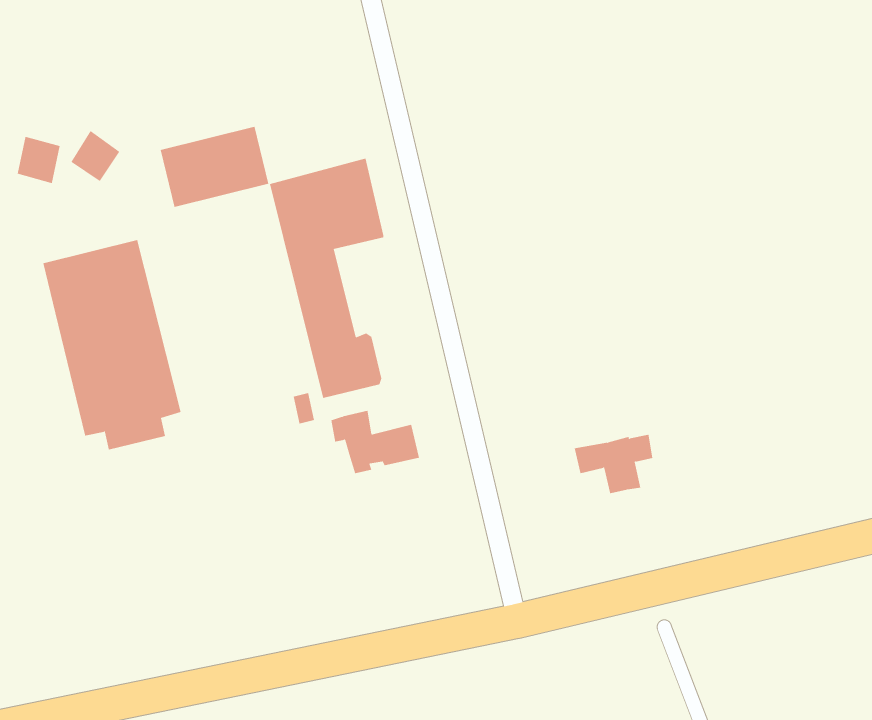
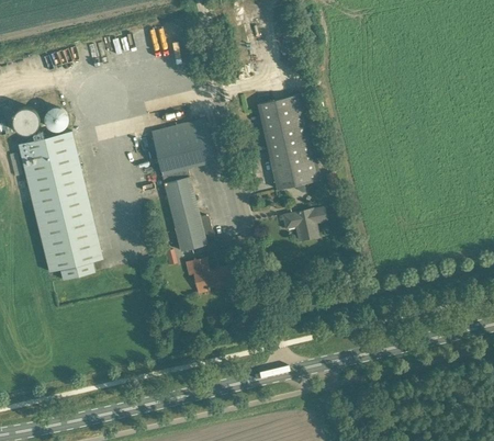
building: none -> [257,95,319,190]
building: [160,126,269,208] -> [18,132,78,177]
building: [574,434,653,494] -> [281,207,325,240]

